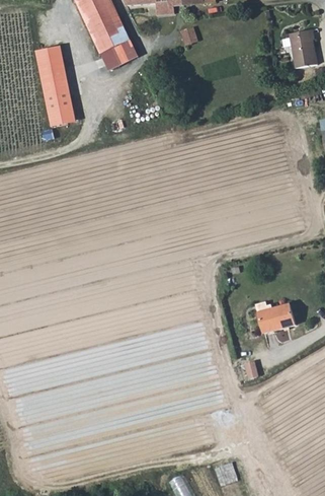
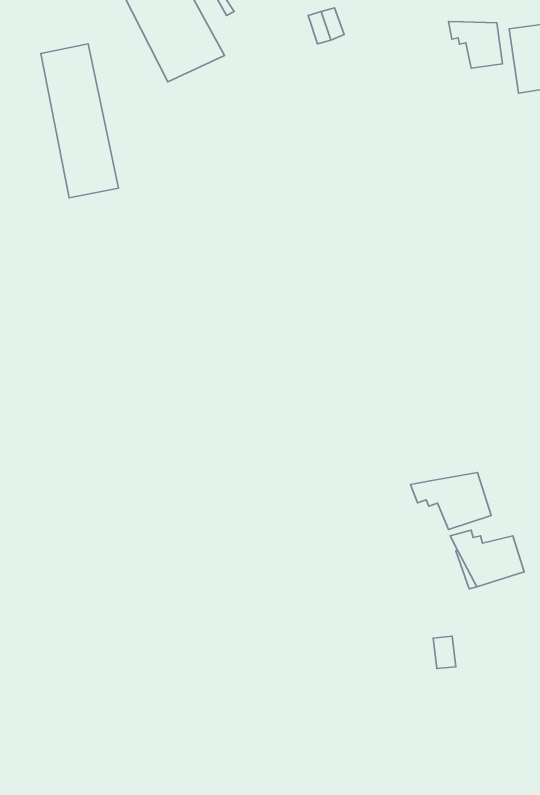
building: none -> [449,21,502,68]
building: none -> [410,472,491,529]

